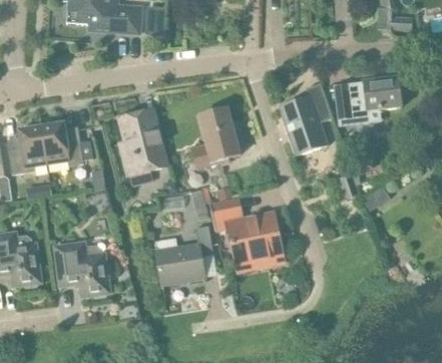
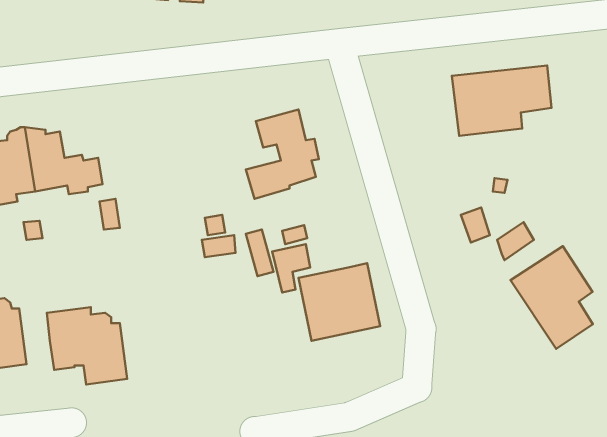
building: [279,83,333,156] -> none
building: [119,109,167,175] -> none
building: none -> [510,246,593,349]
building: [154,226,213,288] -> none

